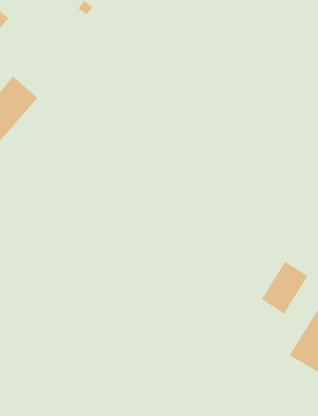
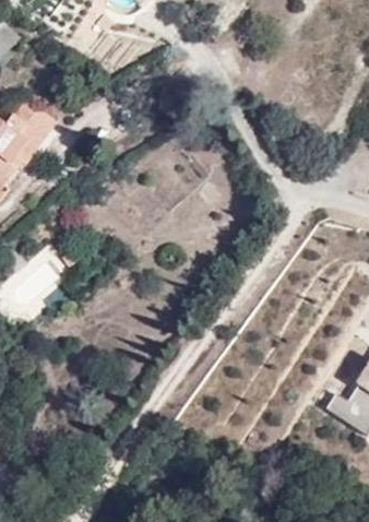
building: [261,261,309,315] -> none

